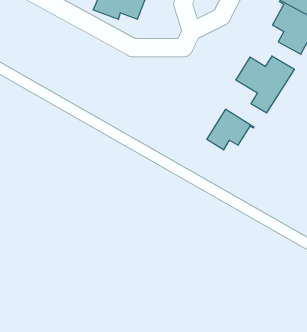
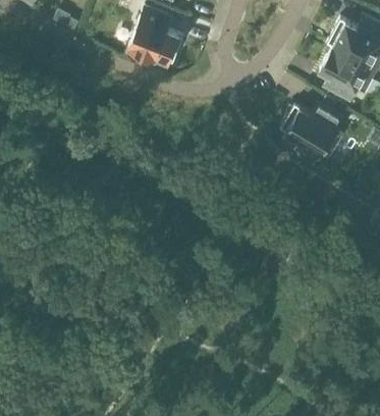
building: [207,109,254,150] -> none

